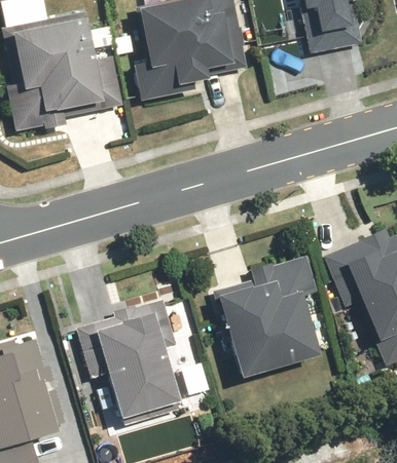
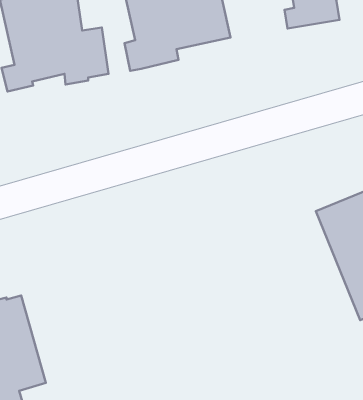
building: [215,255,316,376] -> none
building: [91,310,177,416] -> none

